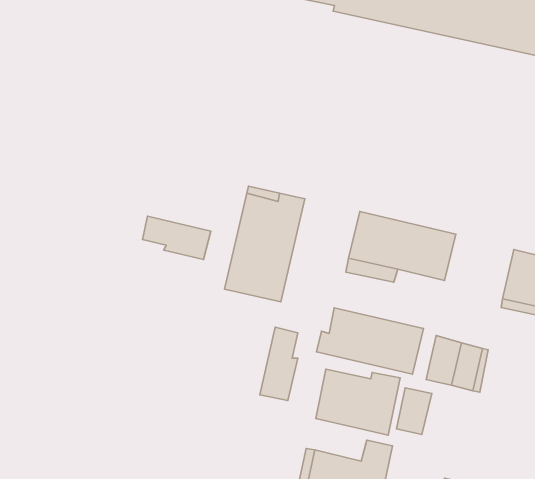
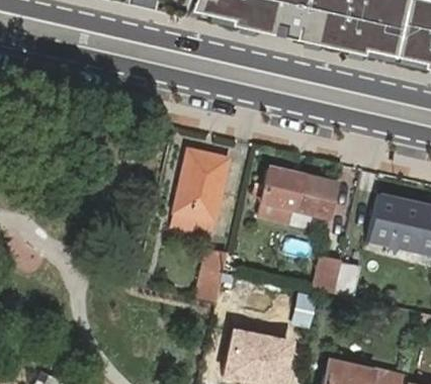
building: [142,216,211,259] -> none
building: [317,308,424,374] -> none
building: [316,369,400,435] -> none

